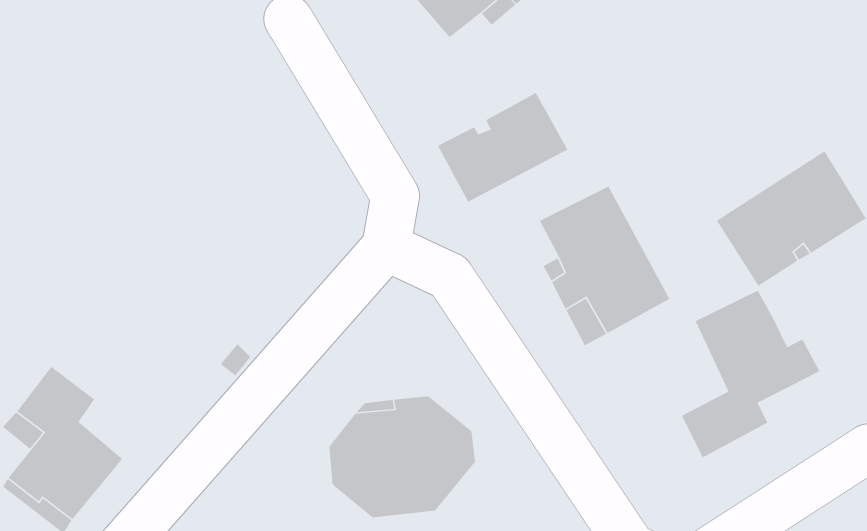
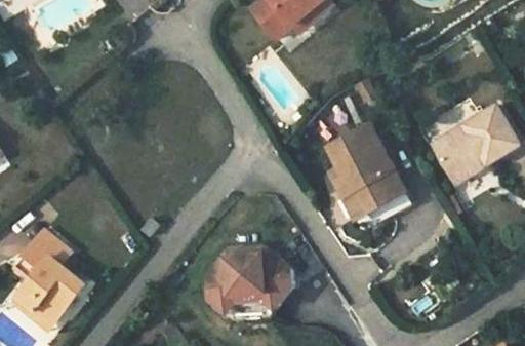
building: [437,92,568,203] -> none
building: [681,290,820,459] -> none

